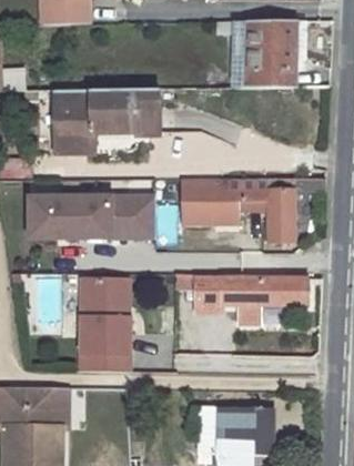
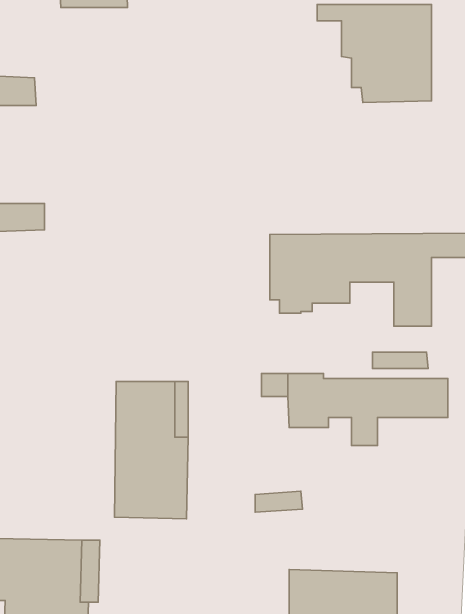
building: [55,90,159,152] -> none
building: [23,191,153,239] -> none

